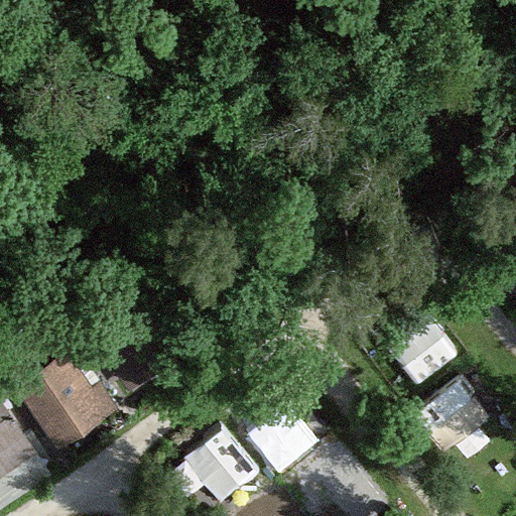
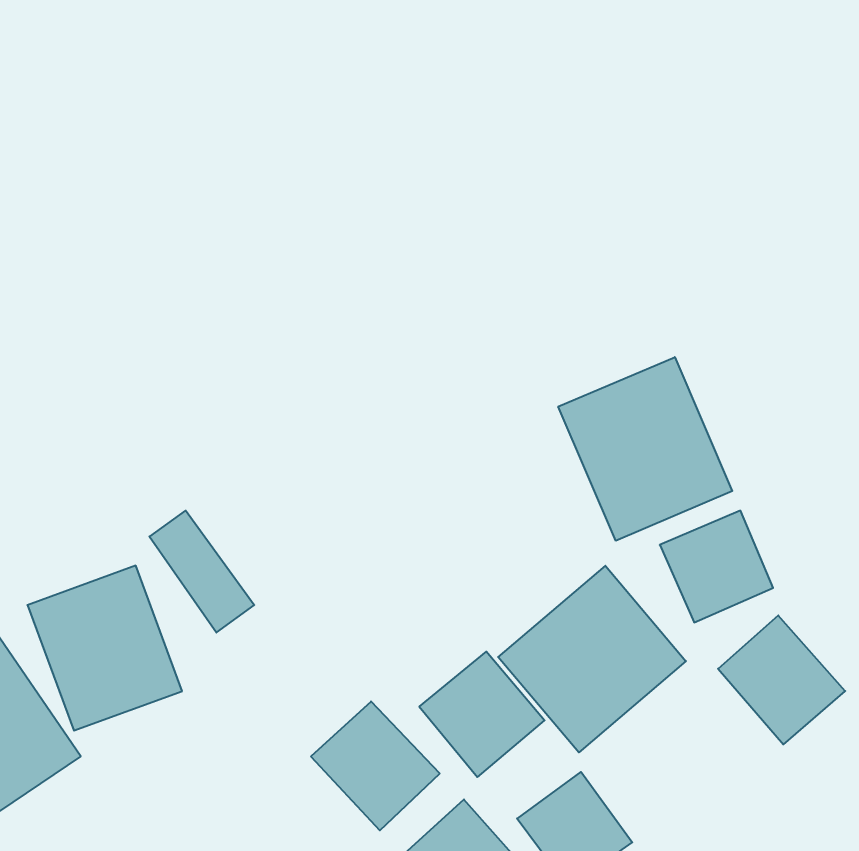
building: none -> [558,357,732,541]
building: none -> [498,566,686,752]

